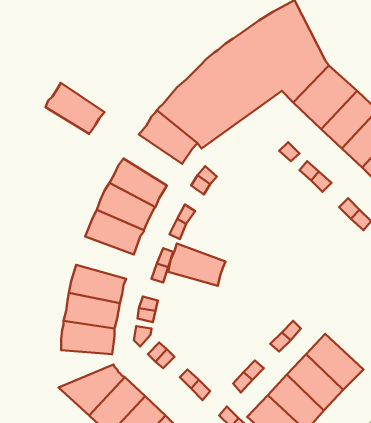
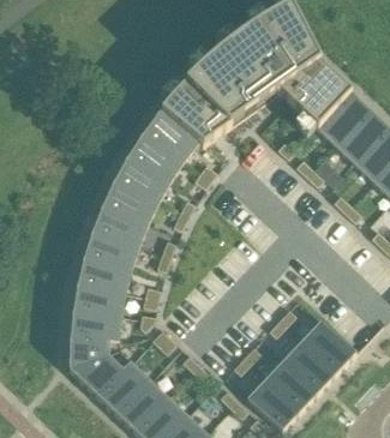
building: [46,83,104,134] -> [130,132,185,180]
building: [168,244,225,286] -> [85,228,139,268]
building: none -> [68,335,120,370]

